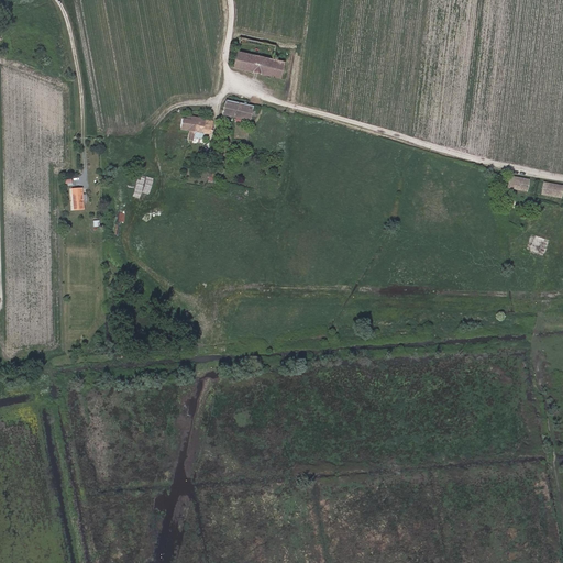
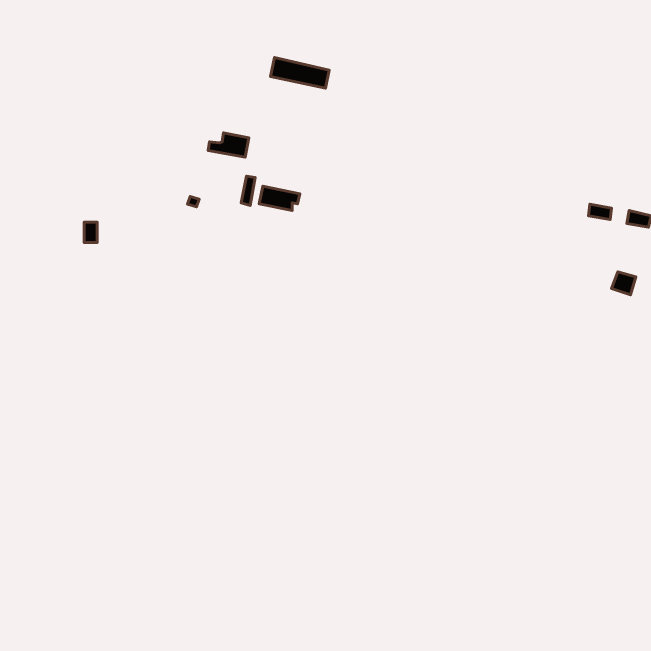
building: [222,99,257,120] -> [259,186,300,210]

